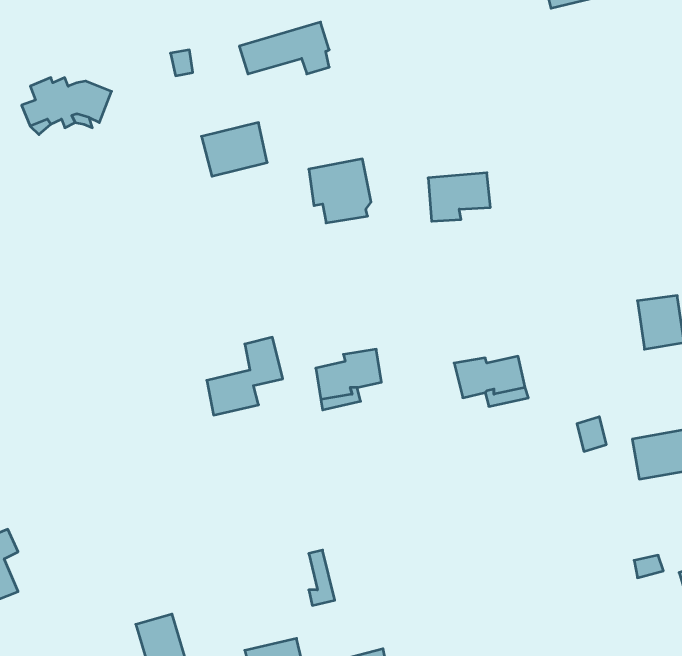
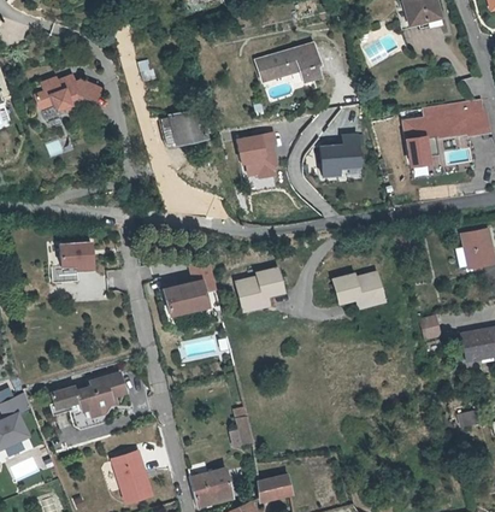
building: [239,22,329,74] -> [255,43,318,80]
building: none -> [405,111,487,164]
building: none -> [65,236,99,265]
building: none -> [51,372,128,416]

